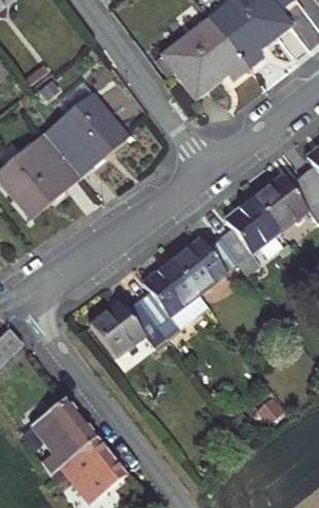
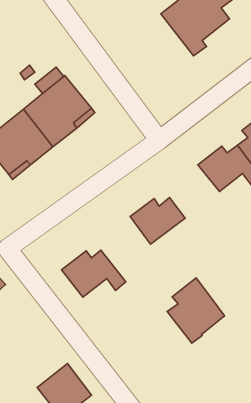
building: [160,17,248,99] -> none
building: [219,198,279,274] -> none
building: [137,260,206,338] -> [167,278,225,343]
building: [30,397,97,473] -> none

